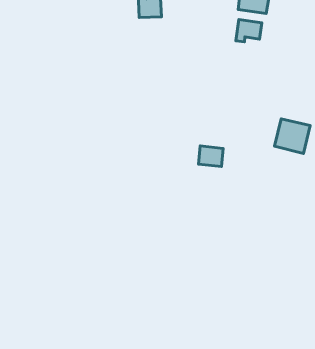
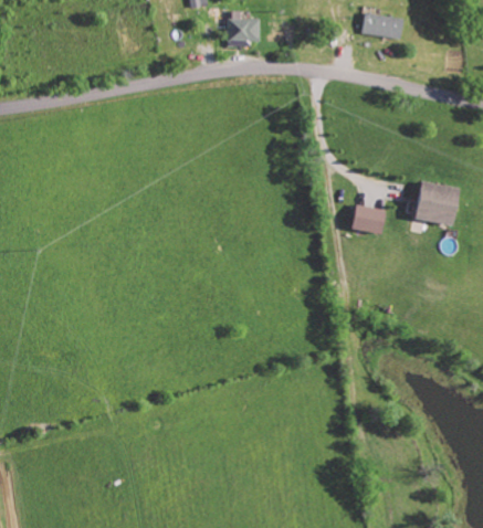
building: [236,20,262,42] -> none
building: [198,146,223,167] -> [351,205,385,233]

